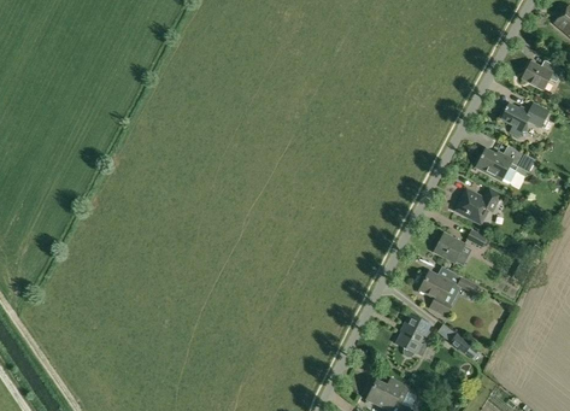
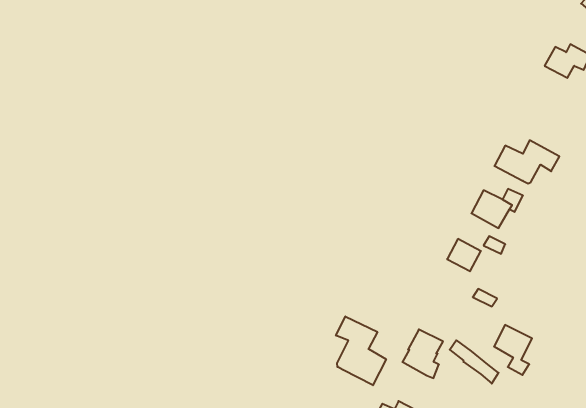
building: [500,105,547,136] -> none
building: [419,270,453,315] -> [494,325,532,375]
building: none -> [336,316,386,385]

